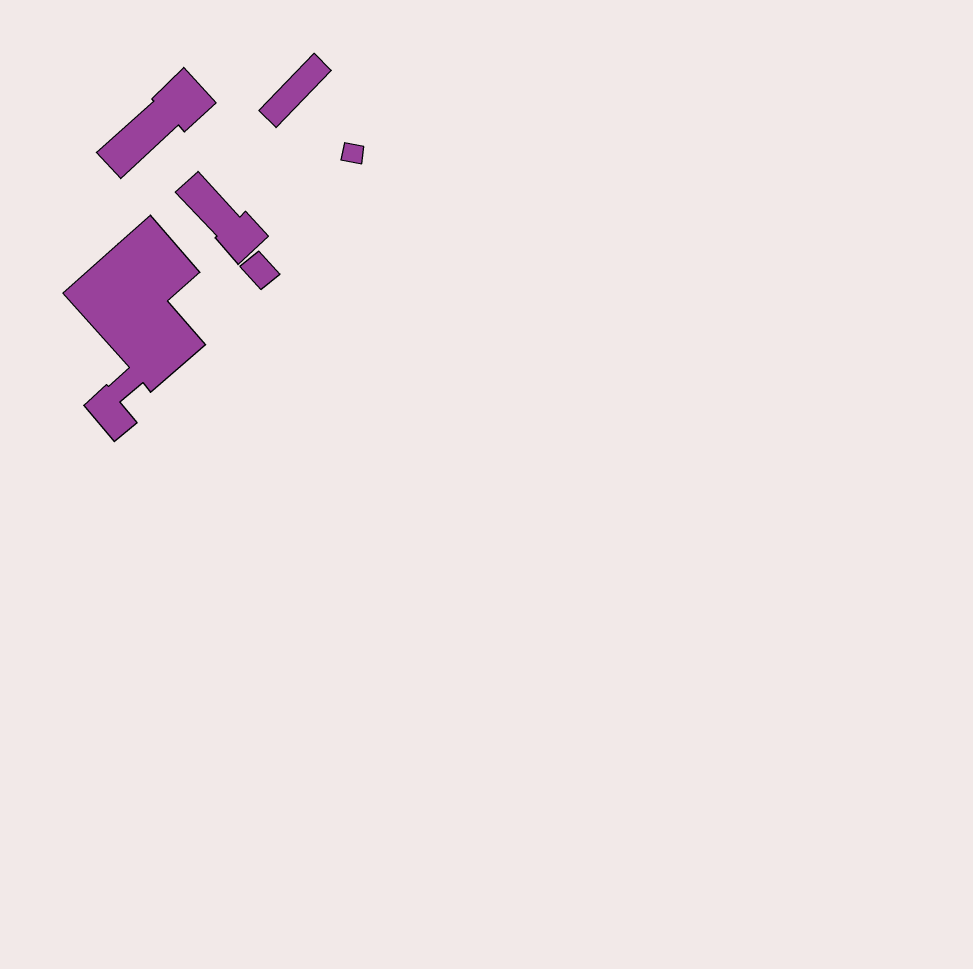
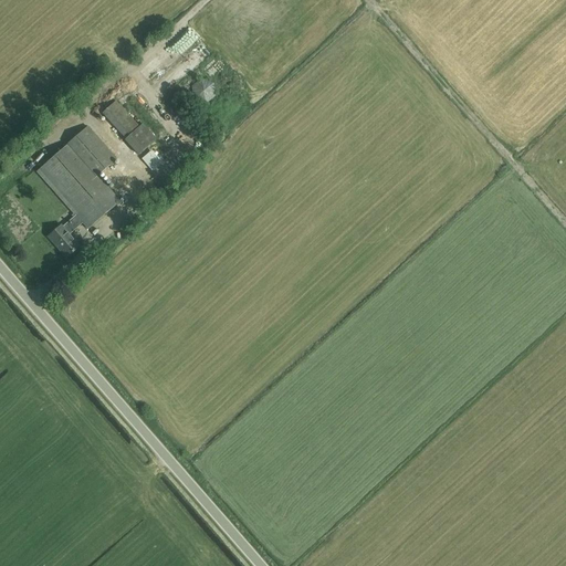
building: [96,67,216,179] -> none

